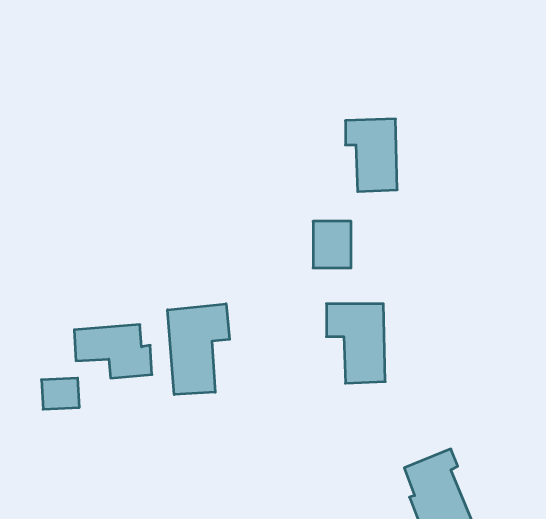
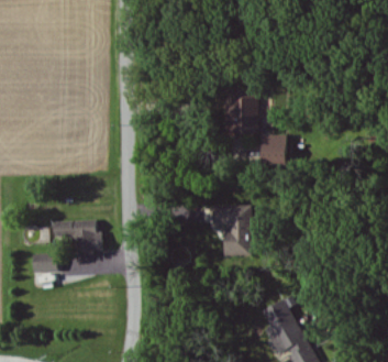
building: [313,221,351,268] -> [263,135,287,165]
building: [168,304,230,395] -> none

